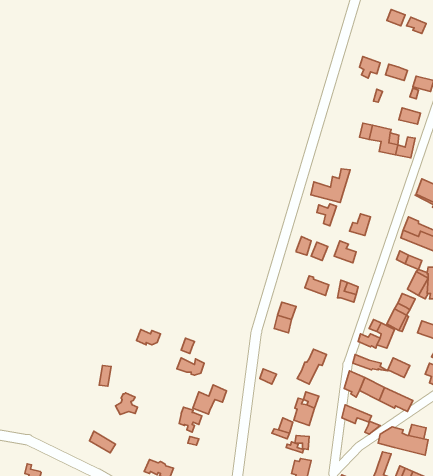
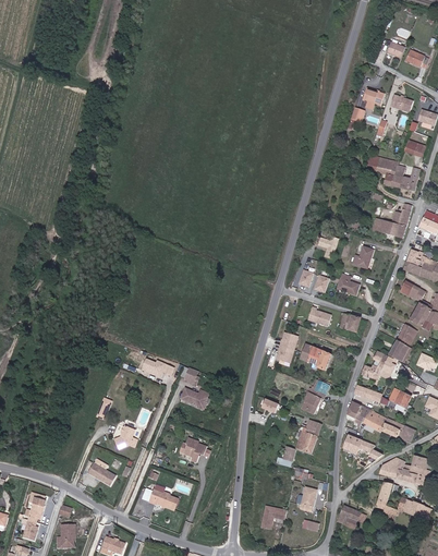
building: [311,169,350,203] -> [370,202,410,235]
building: none -> [300,343,331,371]
building: [193,385,227,414] -> none

